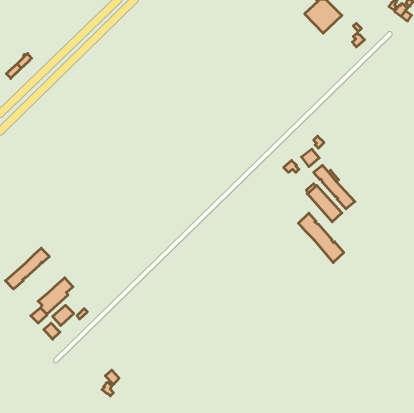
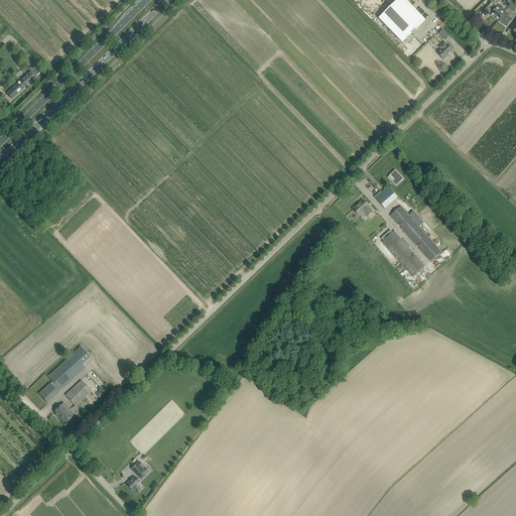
building: [298,213,344,263] -> none
building: [5,248,49,289] -> none

